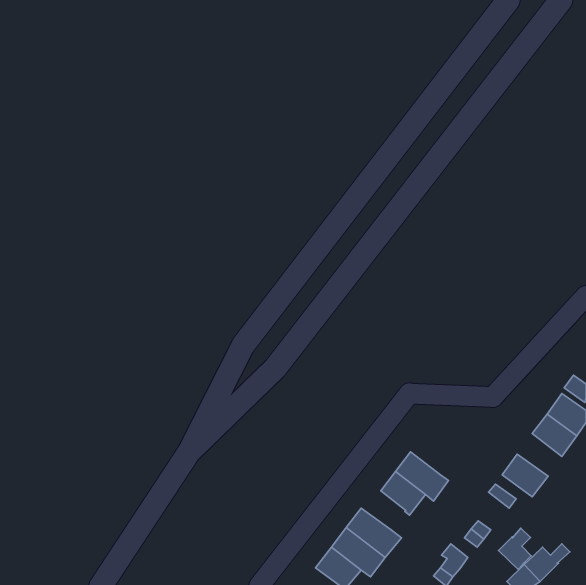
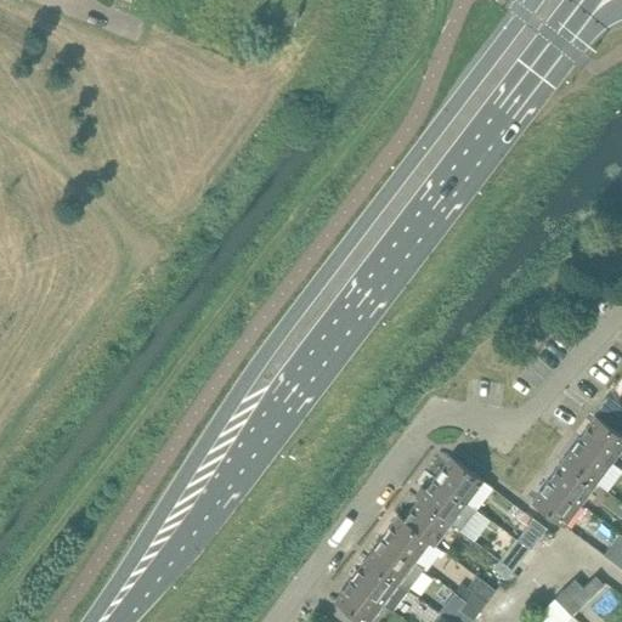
building: none -> [435,458,482,504]
building: none -> [548,460,595,505]
building: none -> [383,518,430,562]
building: [498,528,531,570] -> none

